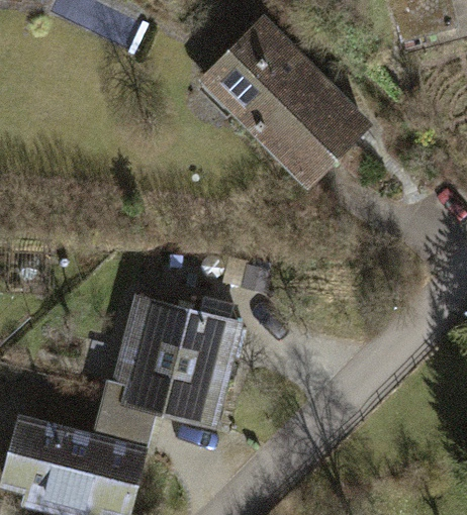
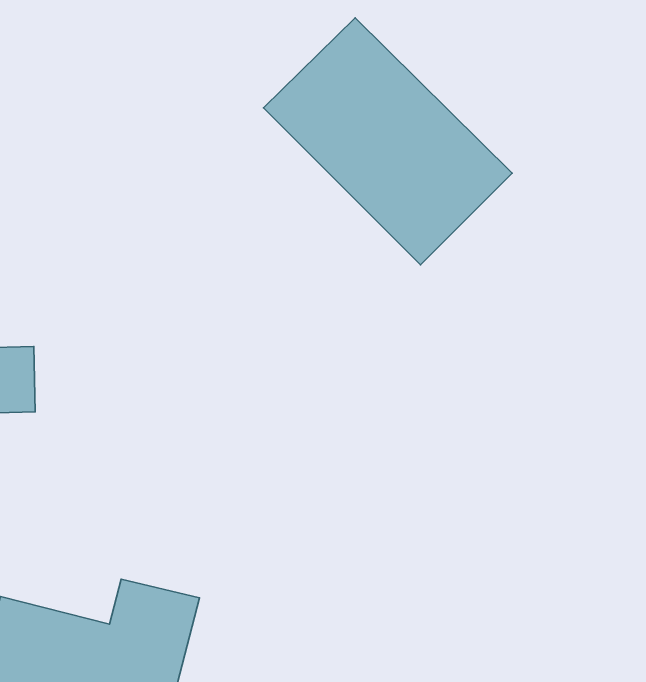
building: [99,295,243,434] -> none

